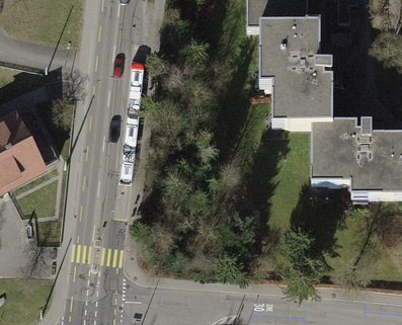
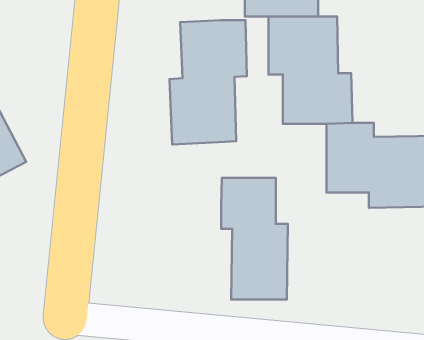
building: none -> [169,20,247,144]
building: none -> [221,178,288,299]

